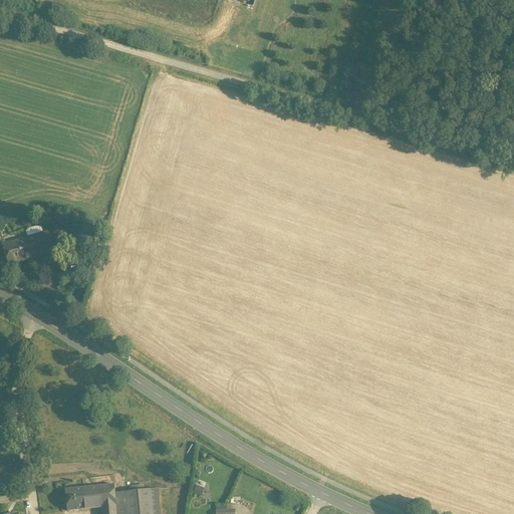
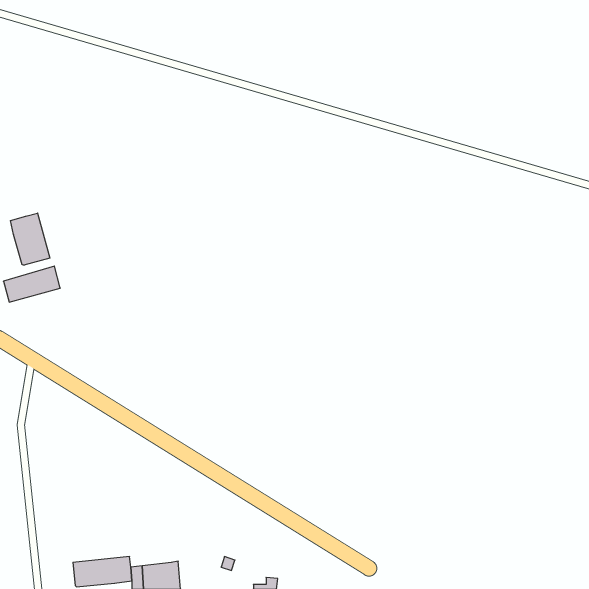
building: none -> [10,213,50,265]

